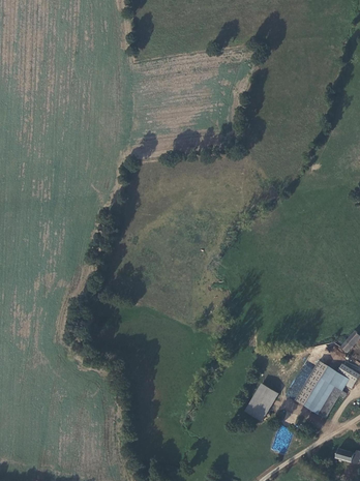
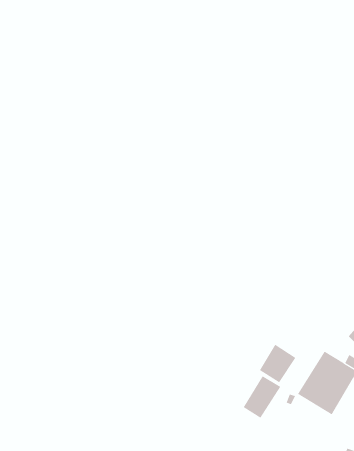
building: none -> [259,344,296,383]

